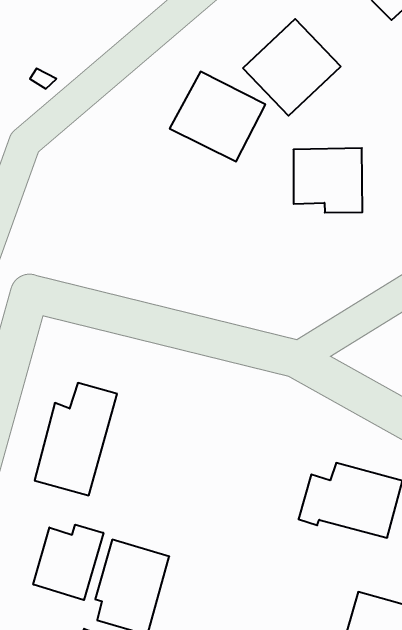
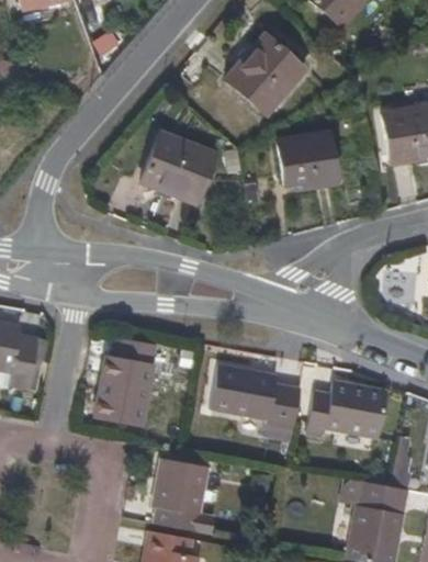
building: [170,72,265,162] -> [142,134,215,202]
building: none -> [211,363,302,427]
building: [33,525,103,600] -> none

